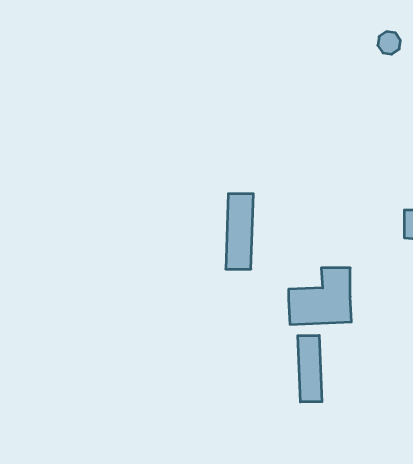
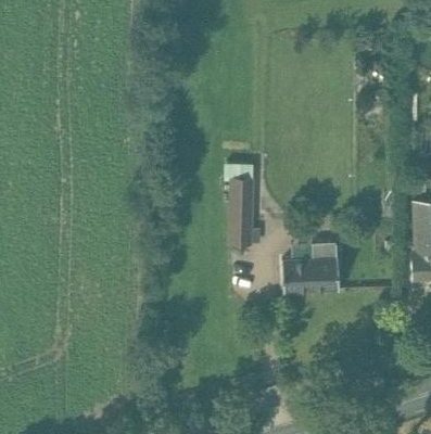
building: [298,335,322,402] -> none

